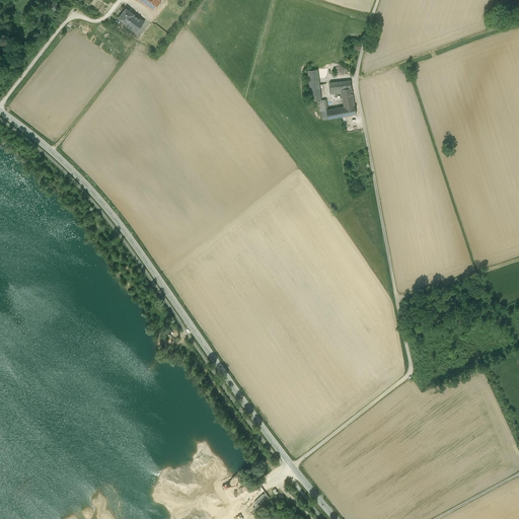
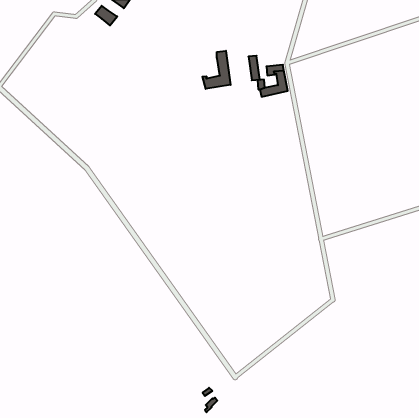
building: none -> [202,51,231,89]

